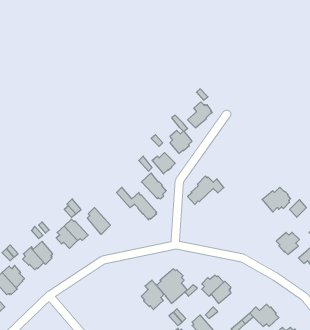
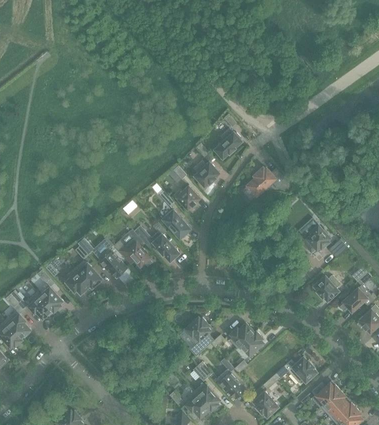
building: [188,176,224,204] -> [242,167,283,199]
building: none -> [113,239,153,267]
building: [141,280,164,310] -> none

